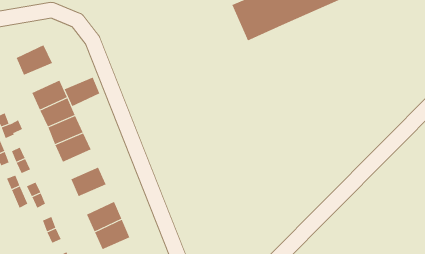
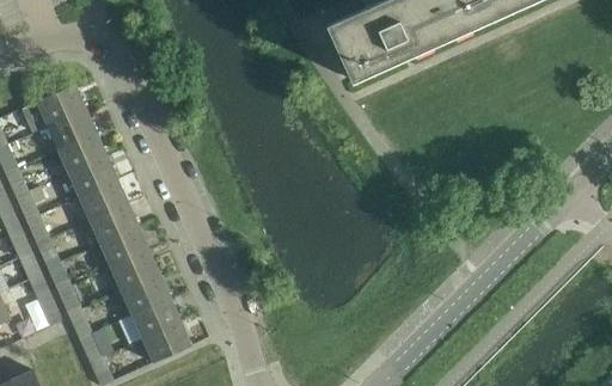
building: [64,77,100,107] -> [47,109,96,149]
building: none -> [99,226,148,266]
building: none -> [121,274,170,314]

